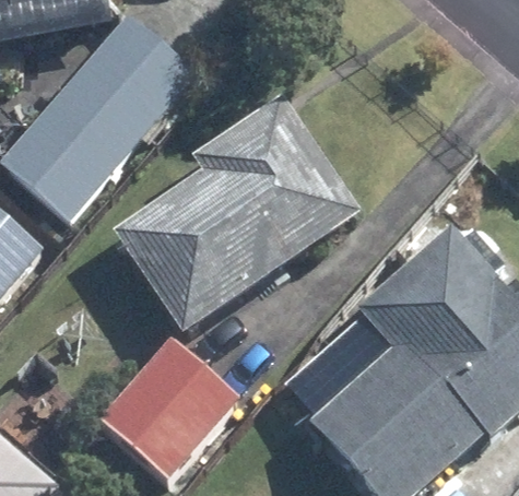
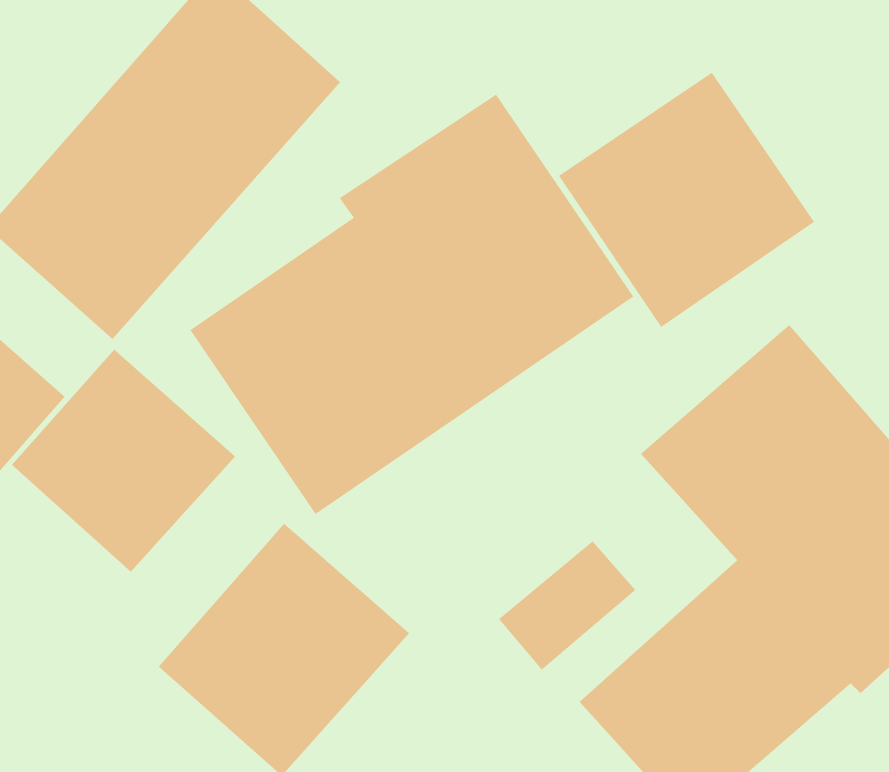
building: none -> [558,72,815,328]
building: none -> [11,349,236,573]

